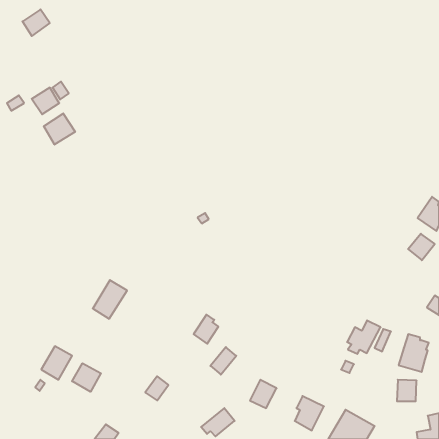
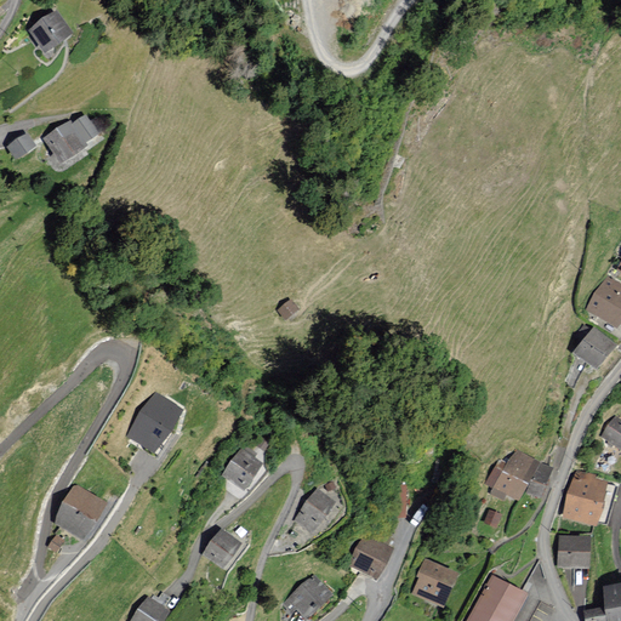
building: [44,113,75,145] -> none
building: [194,315,218,344] -> [226,446,261,488]
building: [72,363,101,392] -> none

